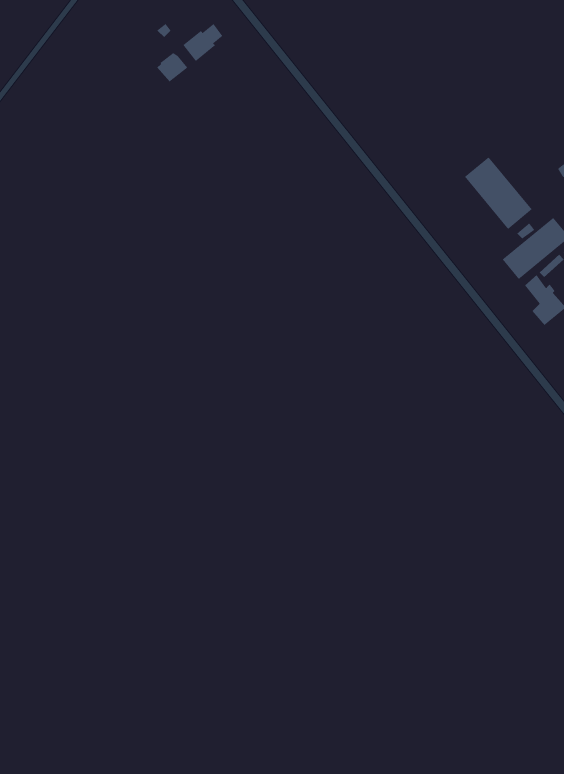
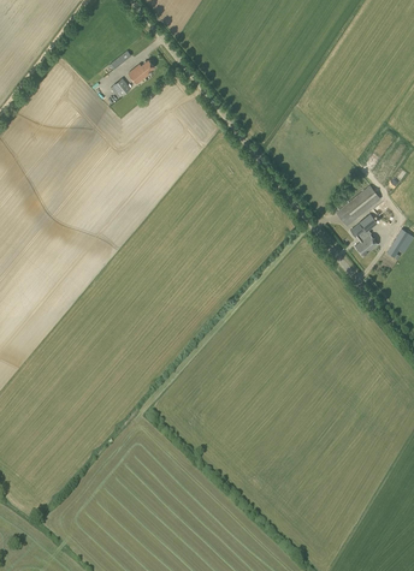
building: [464,156,532,230] -> none

